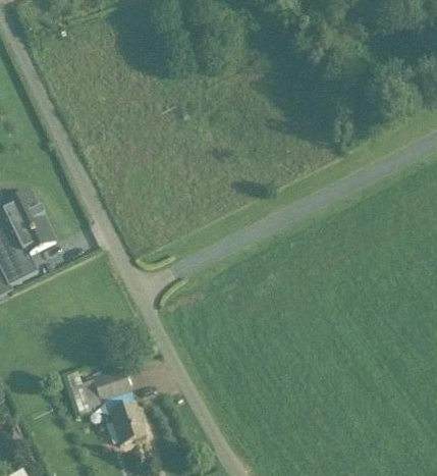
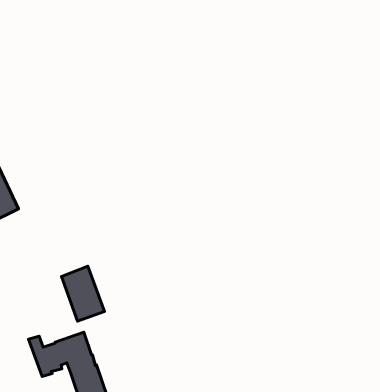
building: none -> [61,266,104,321]

